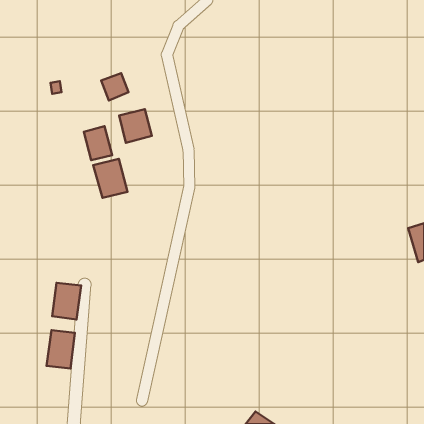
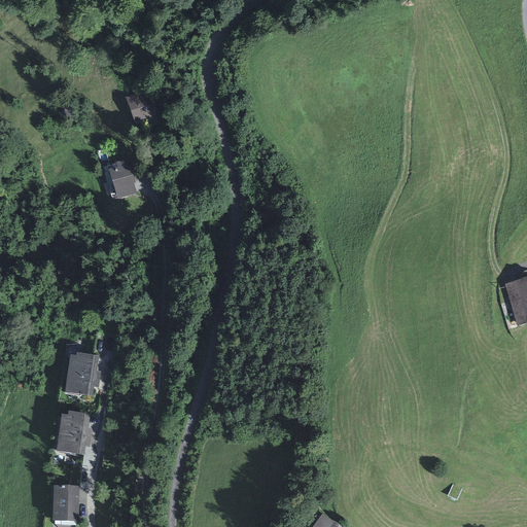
building: [119,109,152,143] -> none
building: [93,159,127,198] -> none
building: none -> [54,484,78,520]

